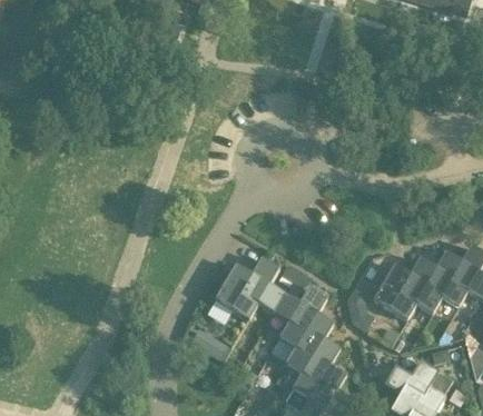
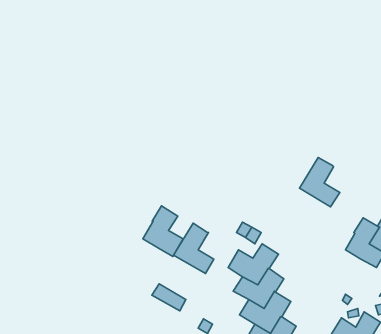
building: [240,257,284,311] -> [143,206,183,256]
building: [373,265,416,318] -> [300,157,340,207]
building: [344,284,373,328] -> none

